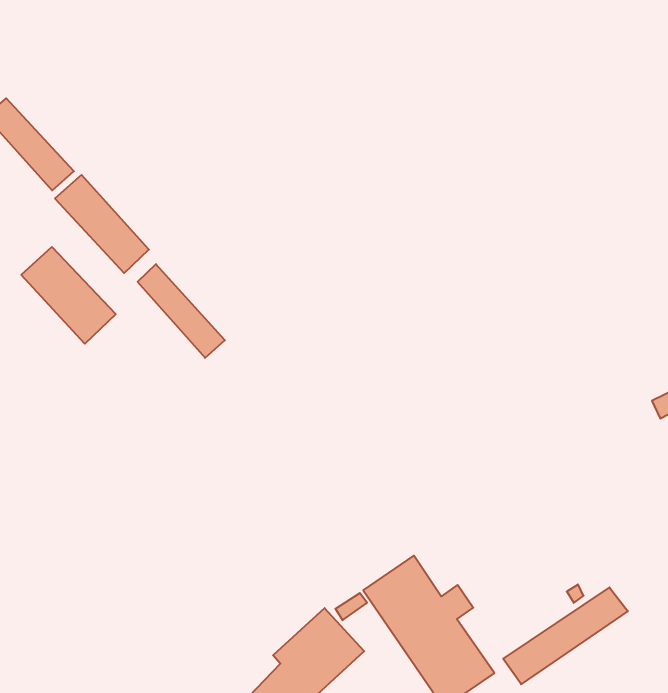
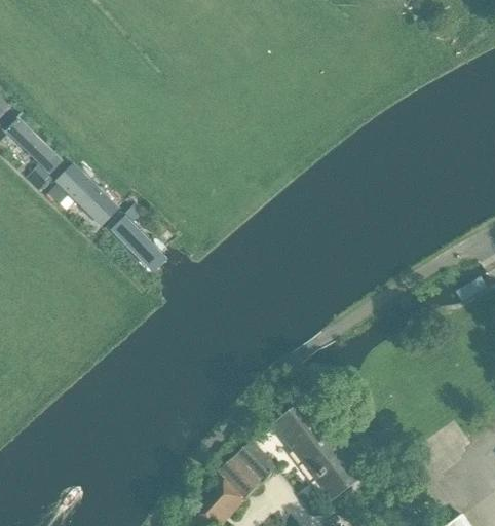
building: [21,247,116,344] -> none
building: [503,587,628,684] -> none

